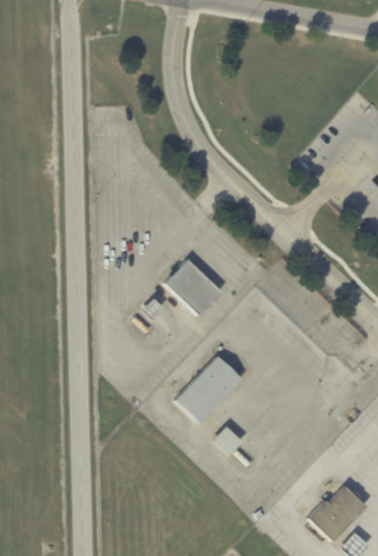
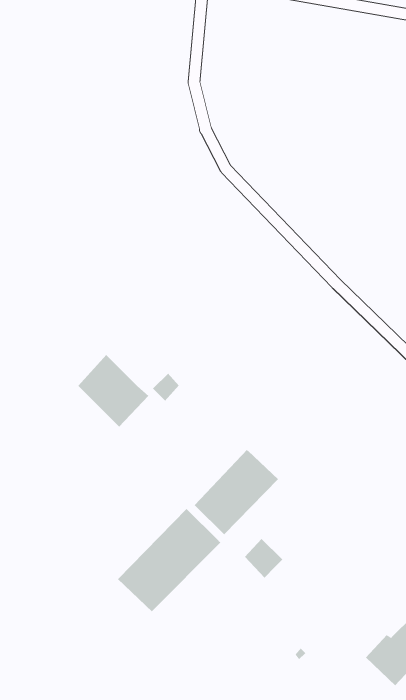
building: [166,258,221,315] -> [77,354,149,427]
building: none -> [117,508,221,612]

